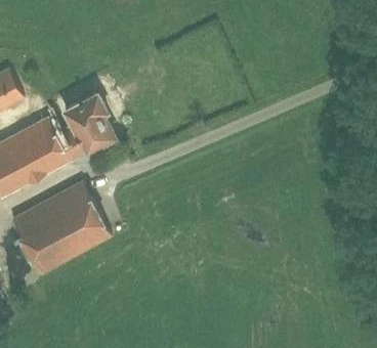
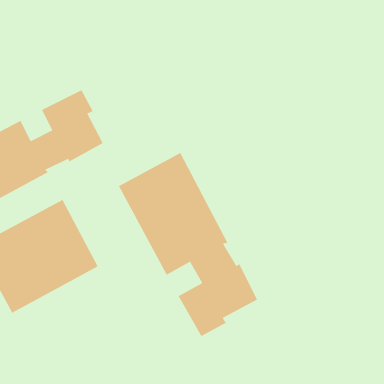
building: none -> [118,152,258,337]

